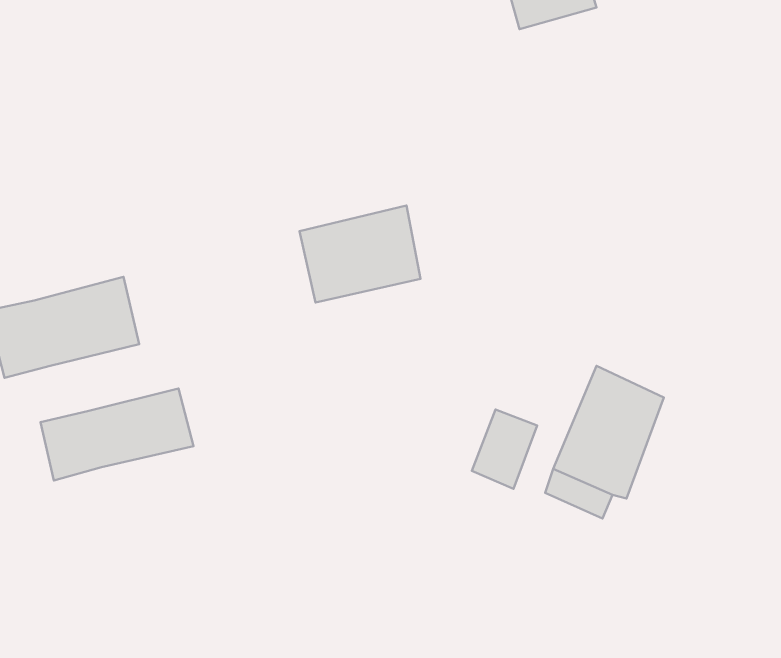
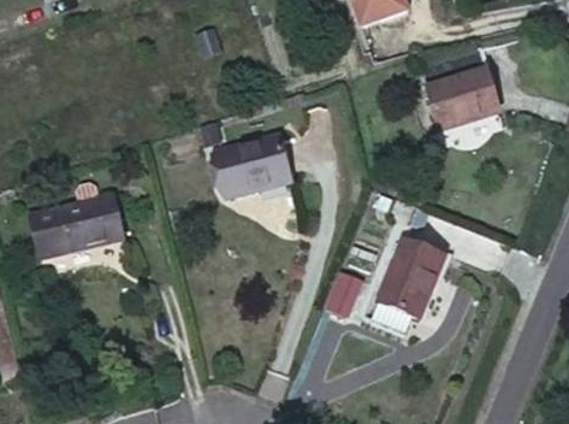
building: none -> [423,73,498,131]
building: [41,388,193,481] -> none

